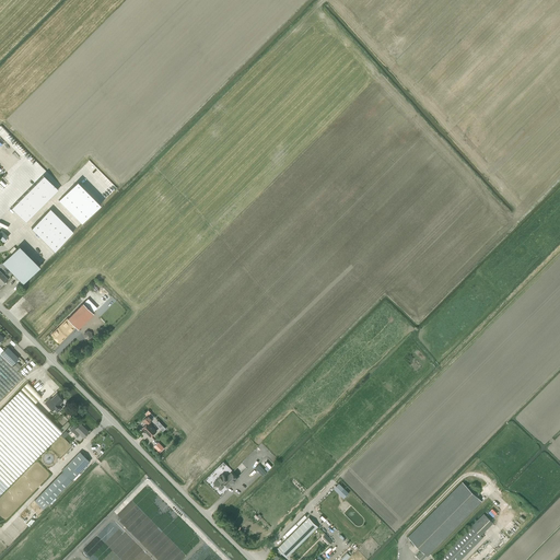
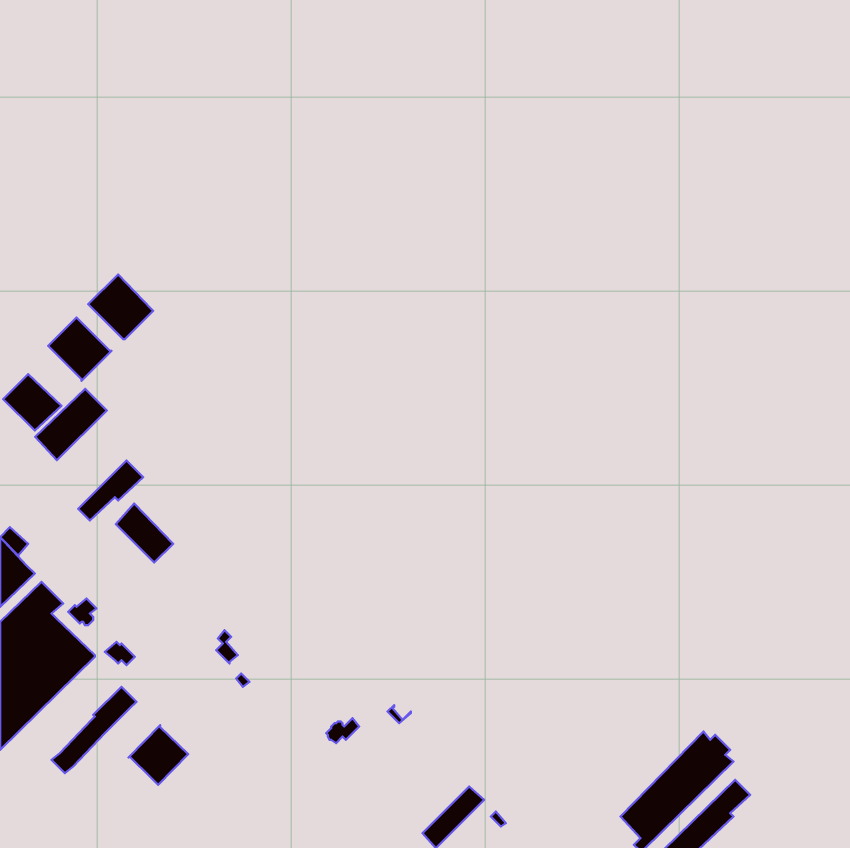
building: [11,176,58,223] -> [35,389,107,460]
building: none -> [116,504,173,563]
building: none -> [129,725,188,785]

